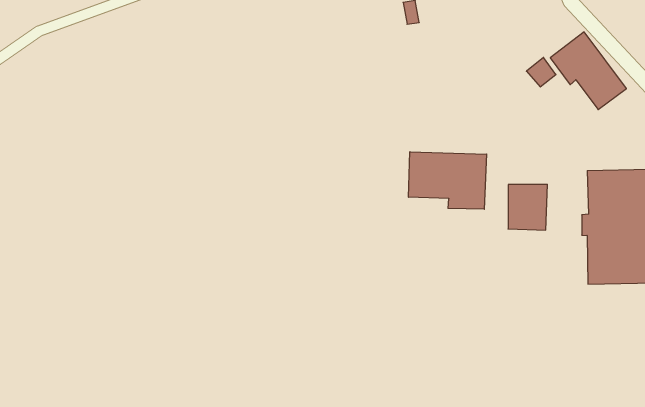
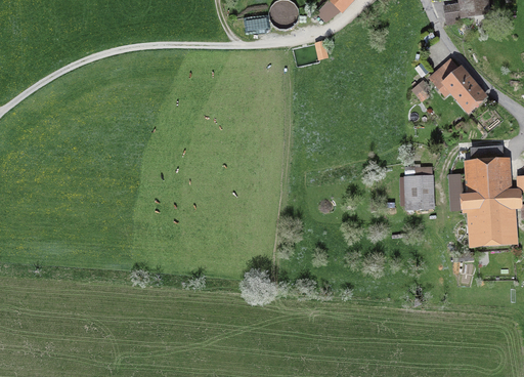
building: [409,152,487,209] -> none

